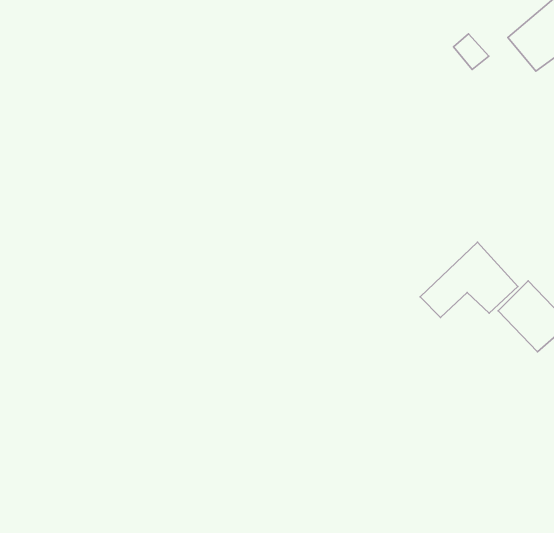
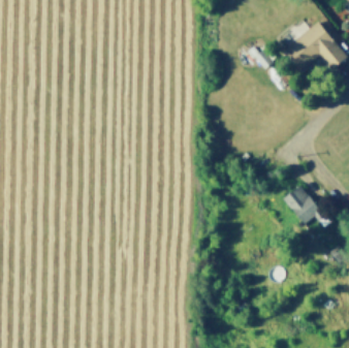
building: [420,242,518,318] -> none

